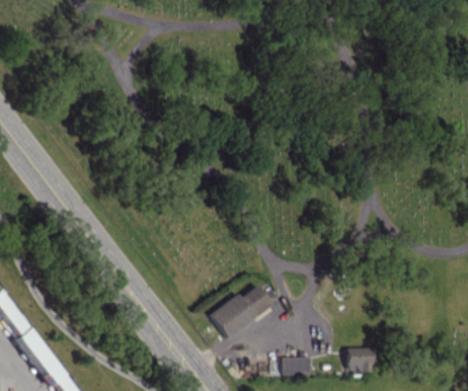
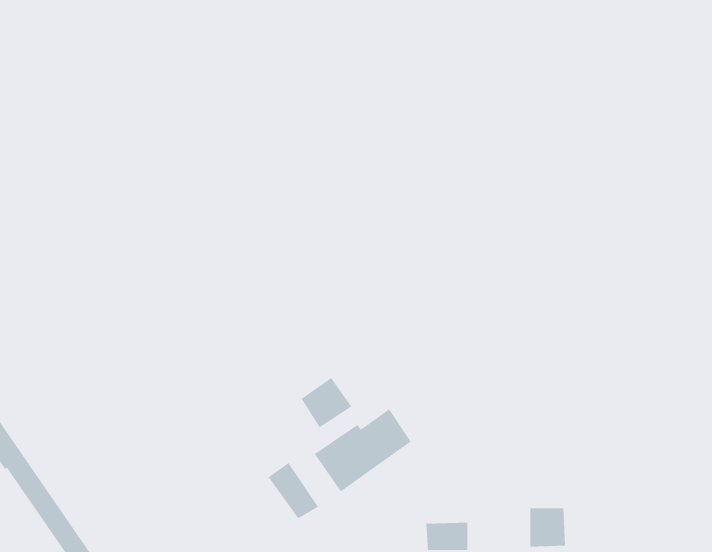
building: none -> [301,377,352,428]
building: none -> [268,462,319,519]

